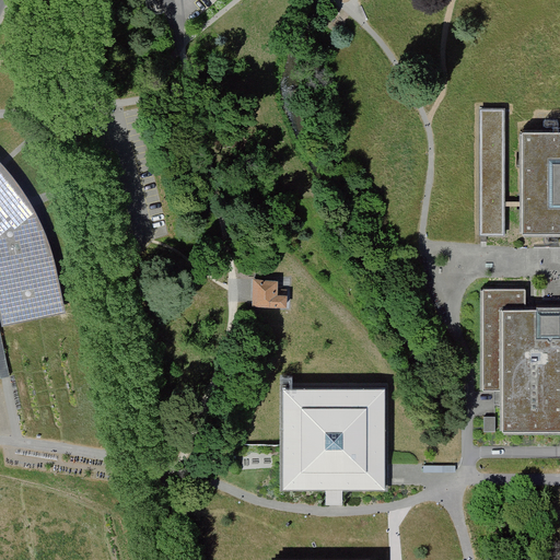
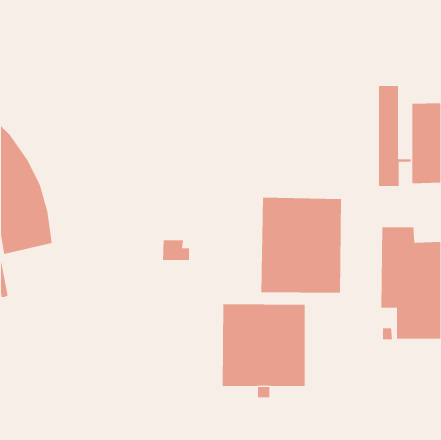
building: none -> [261,197,341,294]
building: [253,279,288,305] -> [162,240,190,261]

